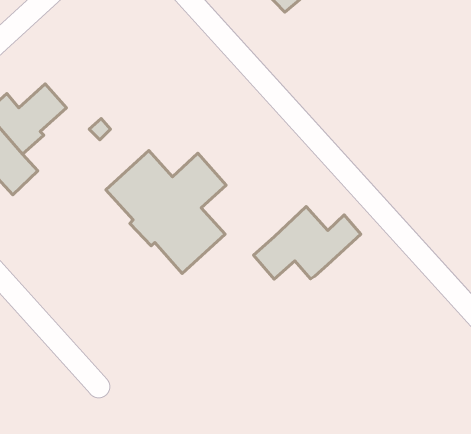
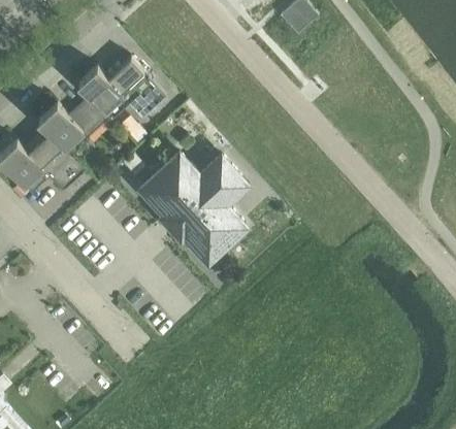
building: none -> [74,58,161,119]
building: [254,207,361,279] -> none

